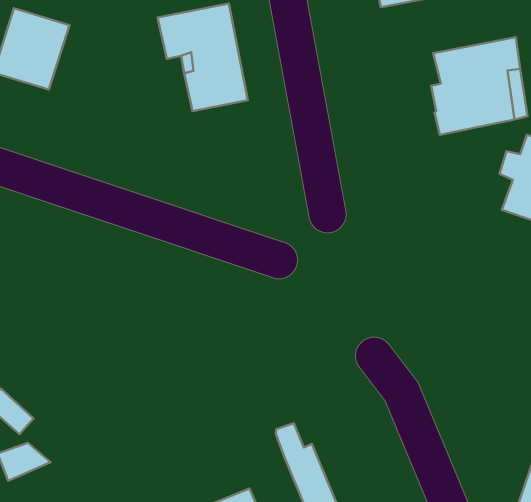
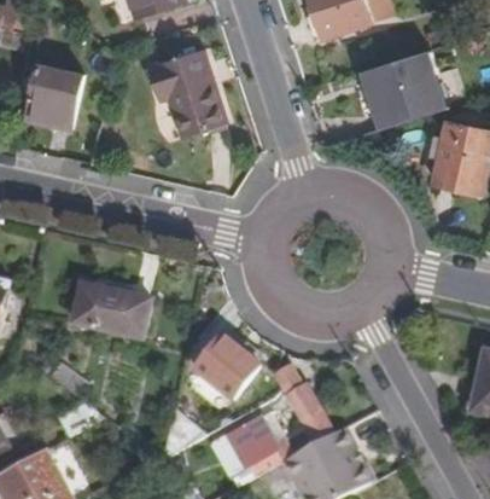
building: none -> [64,282,146,335]
building: none -> [191,337,256,401]

